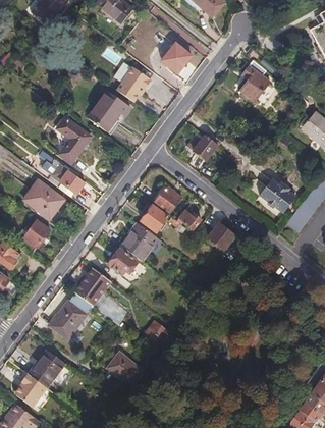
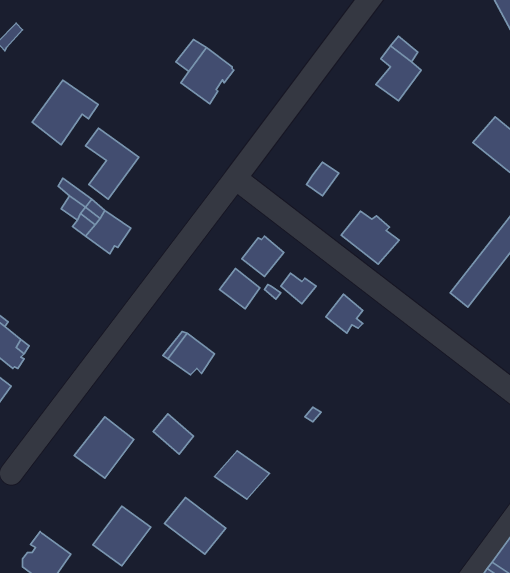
building: [163,43,192,72] -> none
building: [89,91,130,131] -> [32,80,98,145]
building: [260,175,296,209] -> [341,211,399,264]
building: [23,179,62,217] -> none
building: [21,219,49,251] -> none
building: [121,222,158,260] -> none
building: [74,266,111,305] -> none
building: [29,349,65,386] -> [93,506,151,566]

